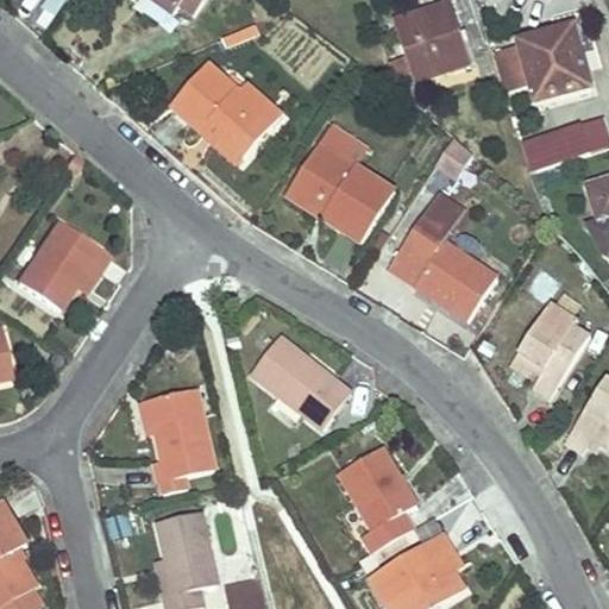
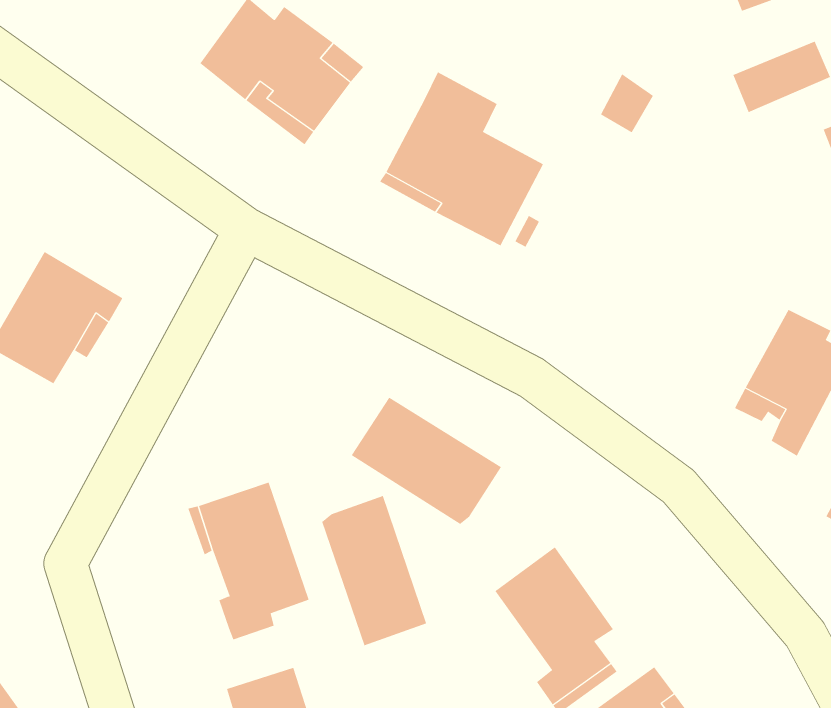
building: [388,189,497,320] -> none
building: none -> [321,495,427,646]

